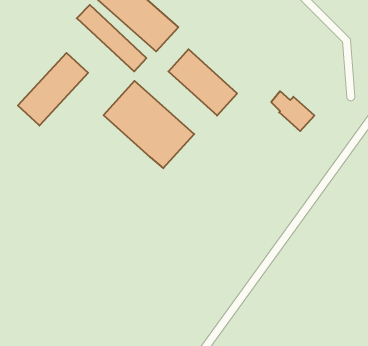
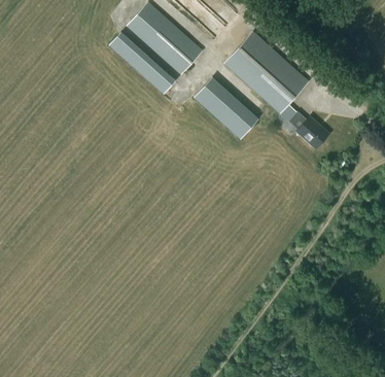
building: [18,53,88,126] -> none
building: [104,81,194,168] -> [224,33,309,114]

